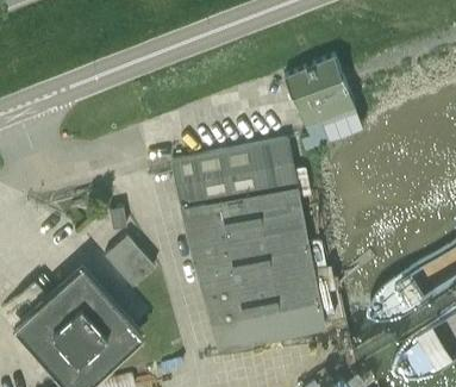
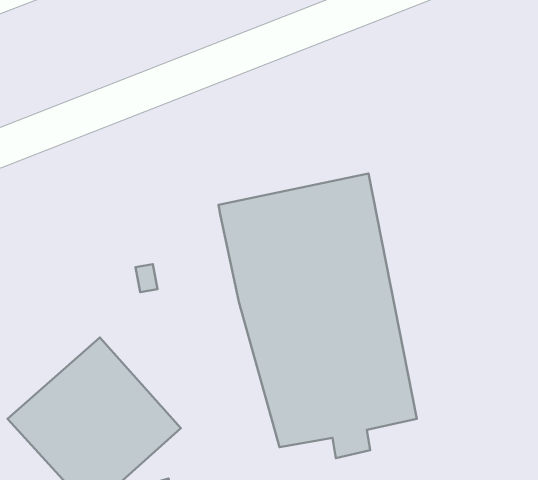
building: [285,57,363,150] -> none
building: [106,237,155,287] -> none

